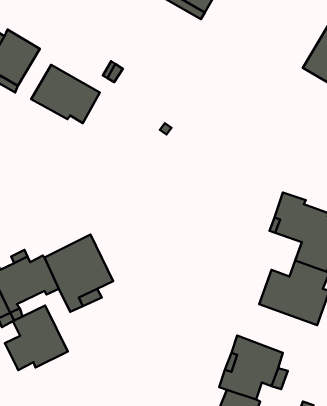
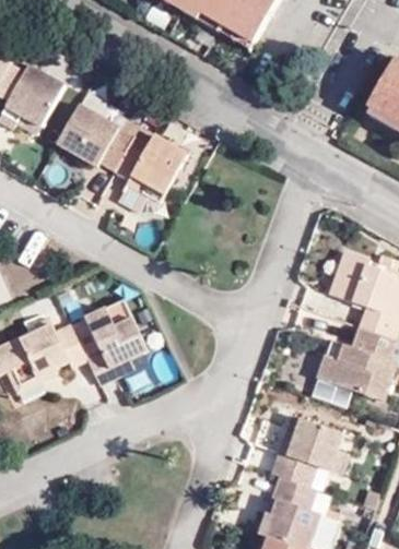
building: none -> [114,134,187,203]
building: [5,306,68,370] -> none

